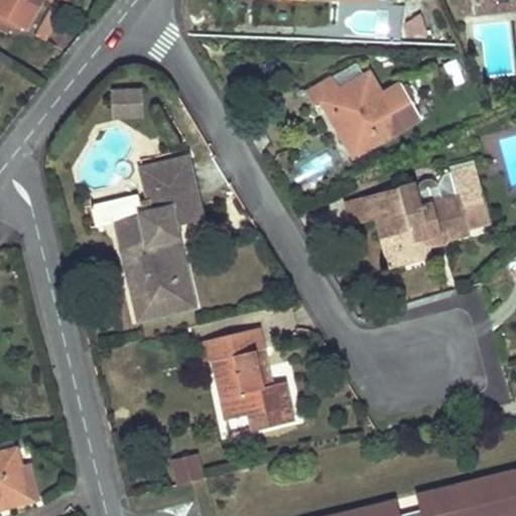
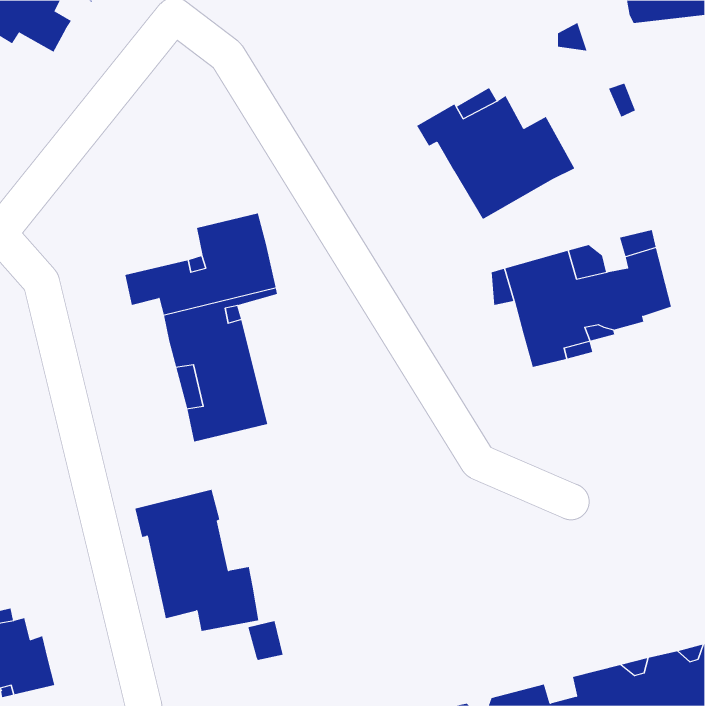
building: [111,90,143,118] -> none
building: [203,327,293,430] -> [135,489,259,631]

